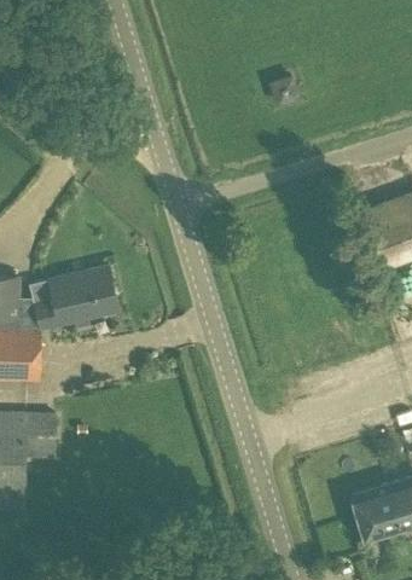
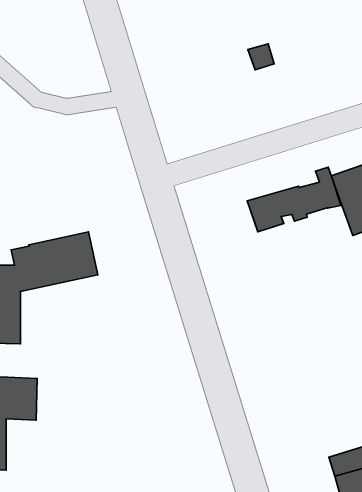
building: none -> [247,167,341,232]

